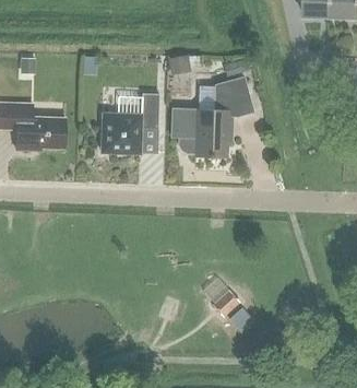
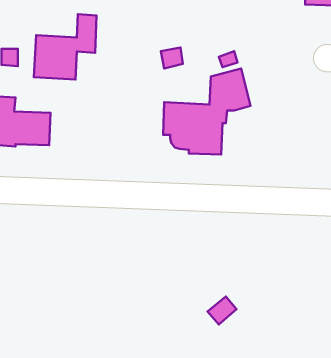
building: [99,93,158,154] -> [34,14,96,79]

